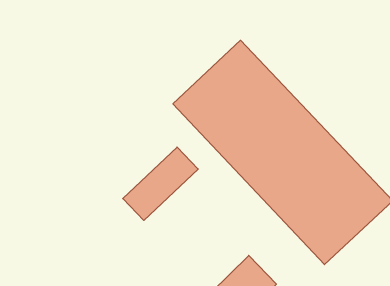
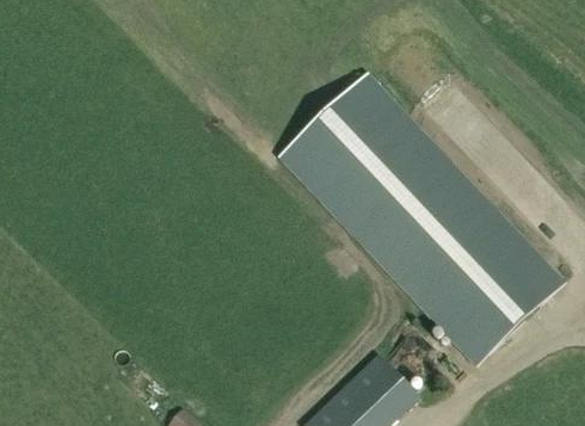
building: [123,147,198,220] -> none

